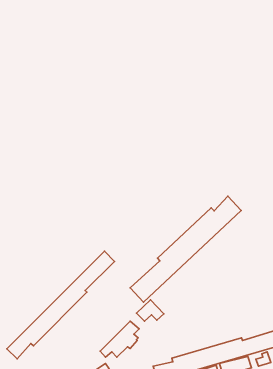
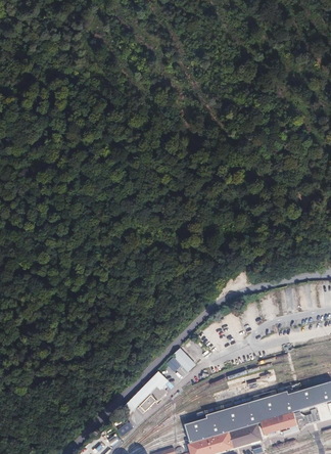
building: [130,196,241,302] -> none
building: [7,251,114,359] -> none

